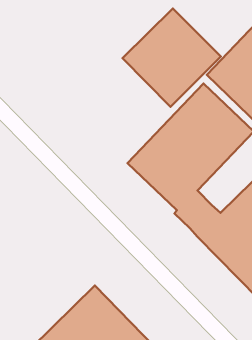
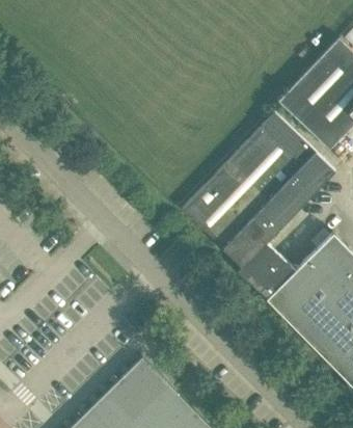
building: [123,9,221,107] -> none

